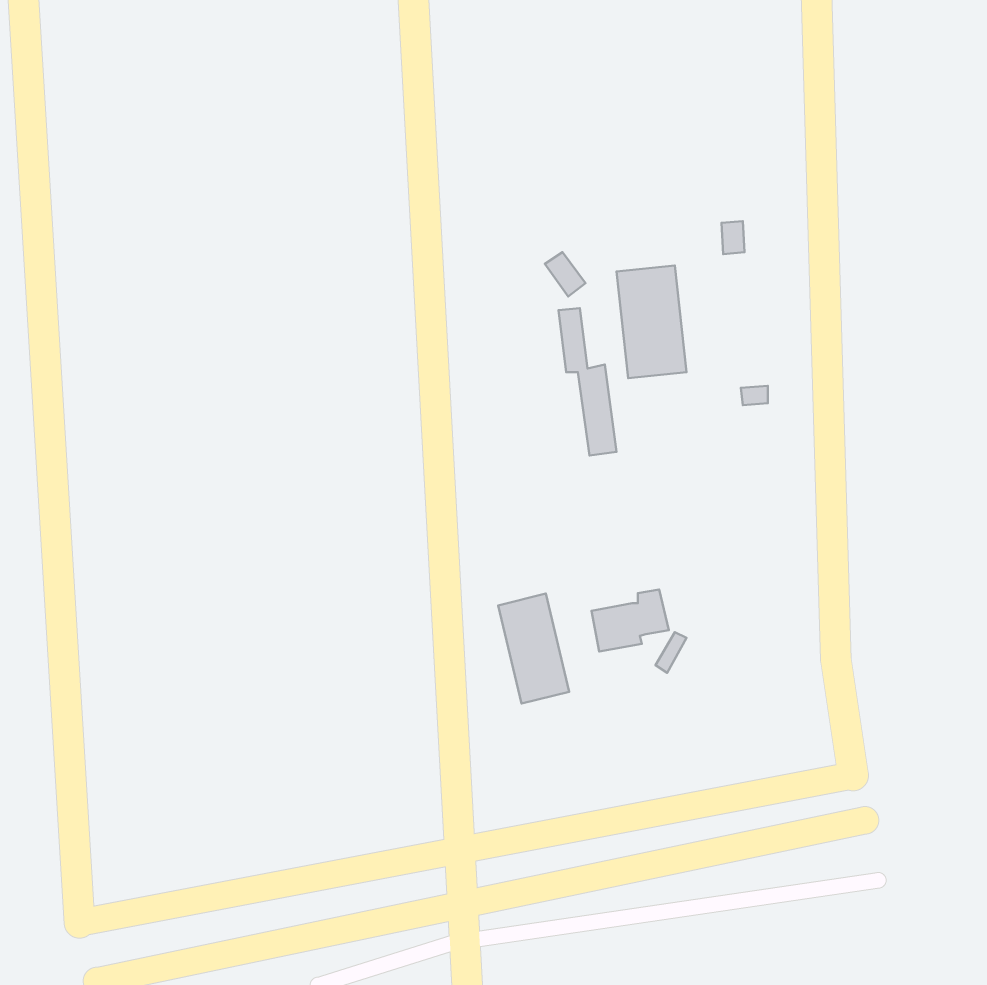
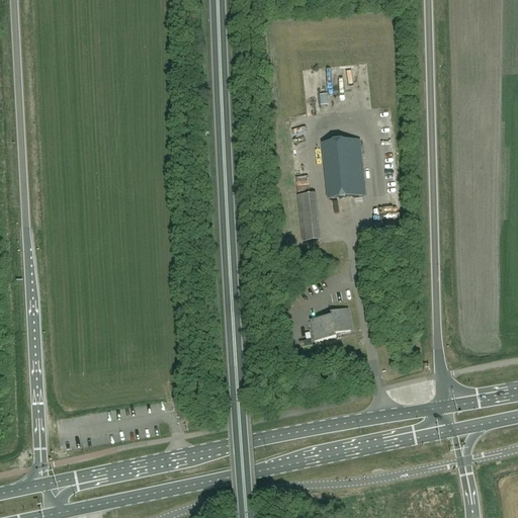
building: [498,594,569,704] -> none

